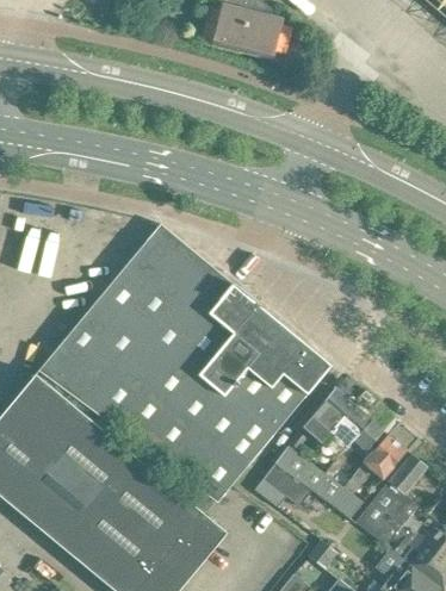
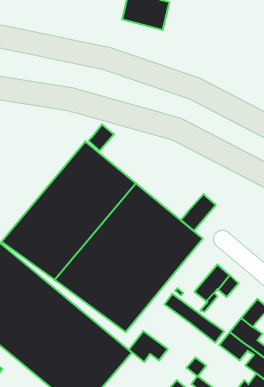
building: none -> [88,124,114,151]
building: [302,388,353,442] -> [181,194,216,231]
building: [342,434,407,494] -> none
building: [254,462,311,508] -> [129,331,168,362]

